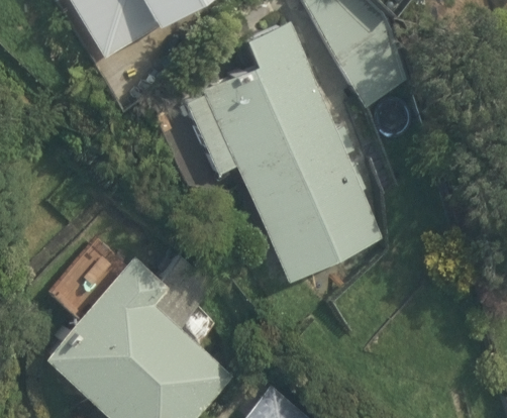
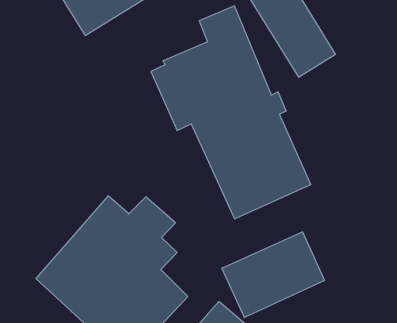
building: none -> [222,232,324,318]

